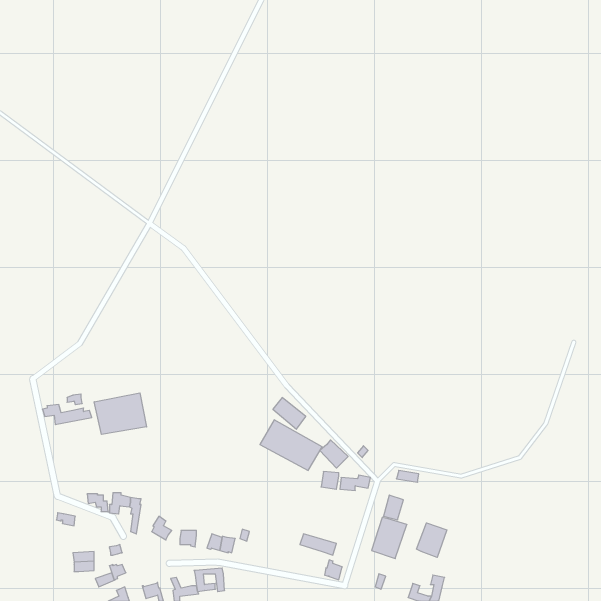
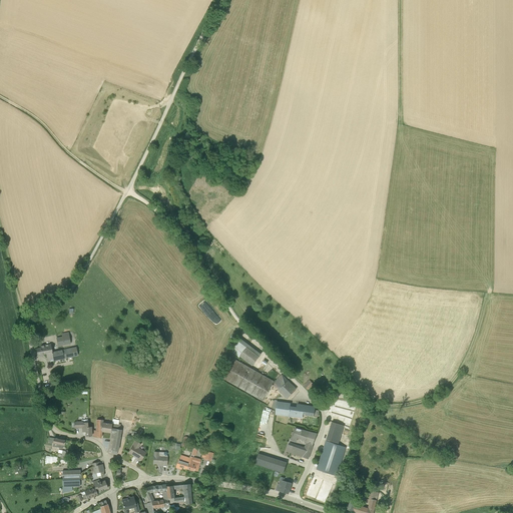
building: [94,393,147,434] -> none
building: none -> [287,425,318,459]
building: [417,523,447,557] -> none

